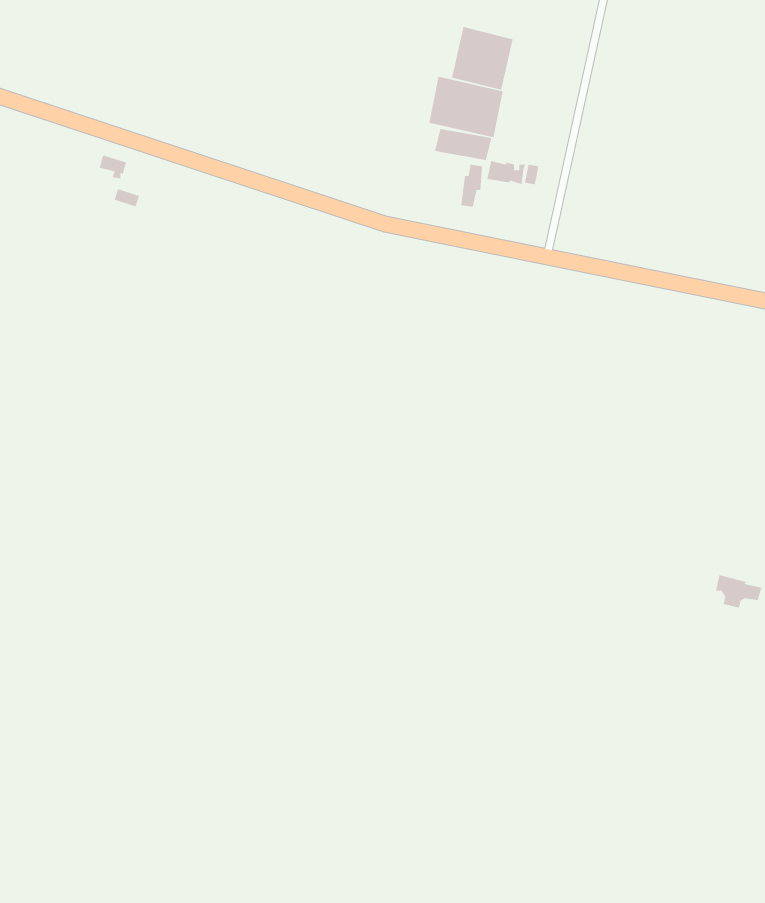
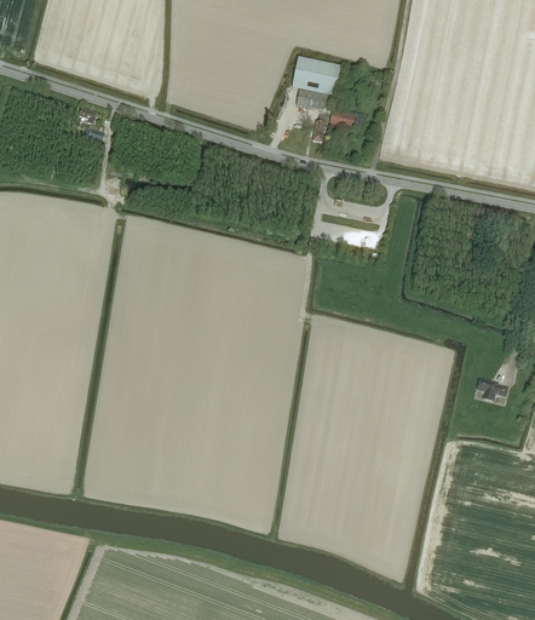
building: [451,26,513,91] -> none

